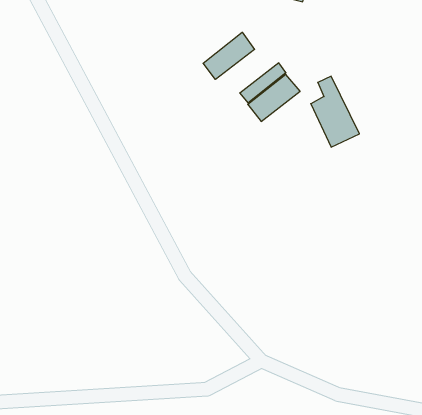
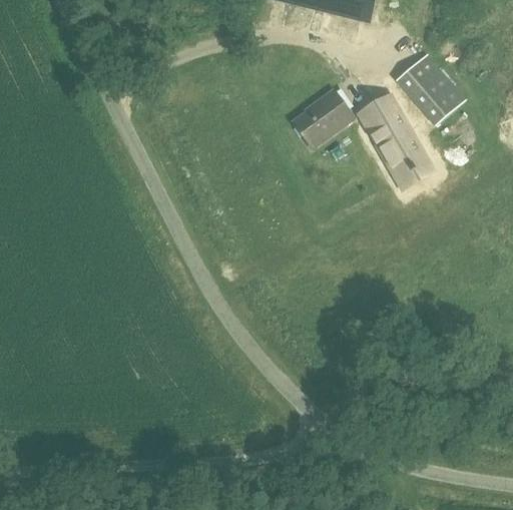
building: [203,32,255,79] -> none
building: none -> [396,50,464,124]

